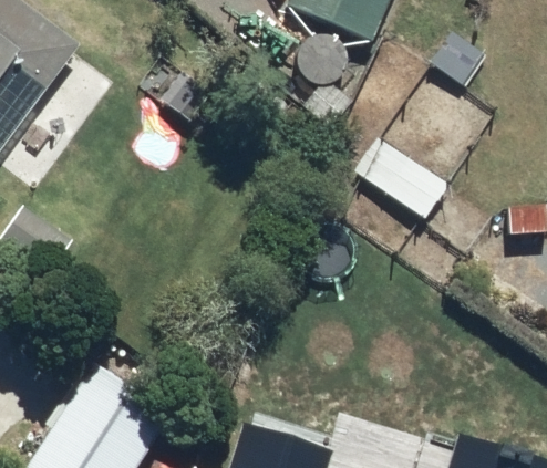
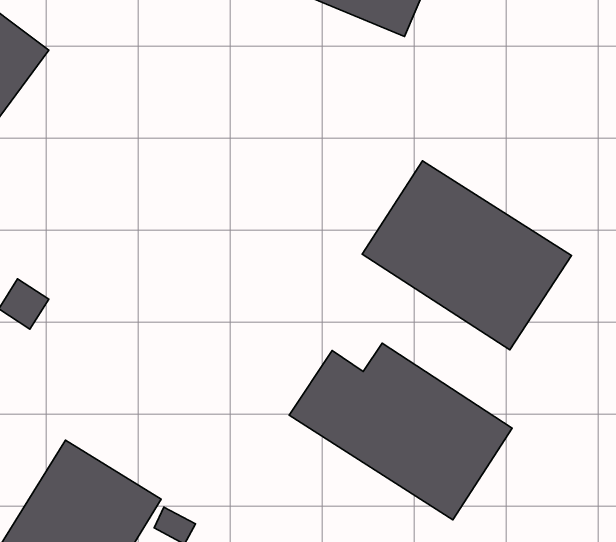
building: none -> [289,343,512,520]

